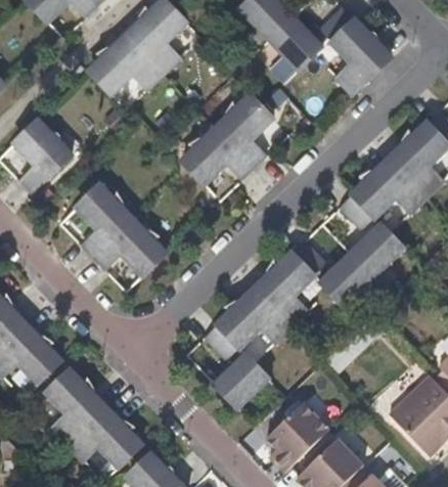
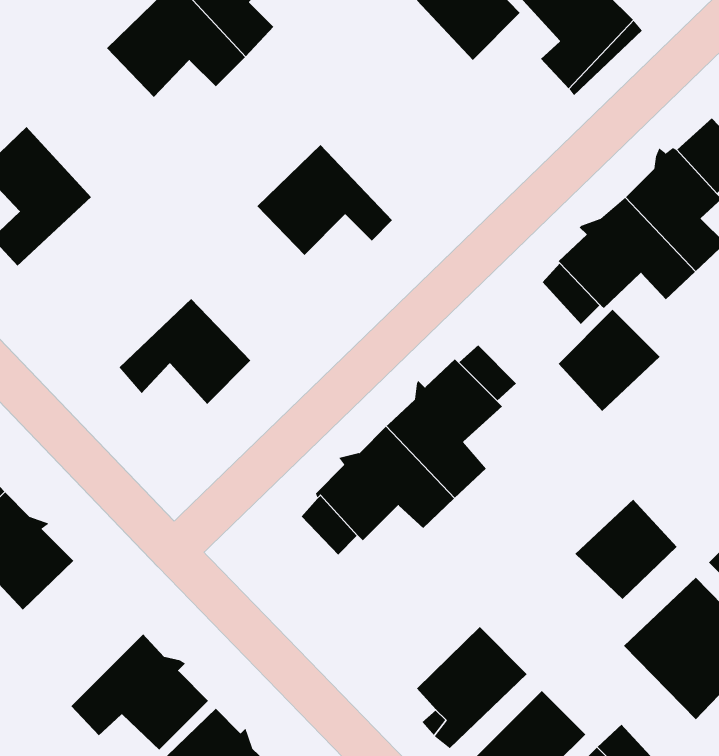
building: [211,89,274,169] -> none
building: [75,178,136,254] -> none
building: [314,252,373,310] -> [575,499,677,600]
building: [208,353,269,414] -> none
building: [42,368,108,449] -> none

